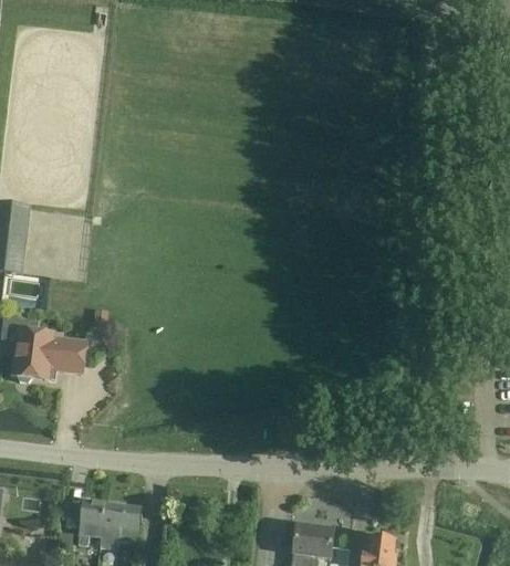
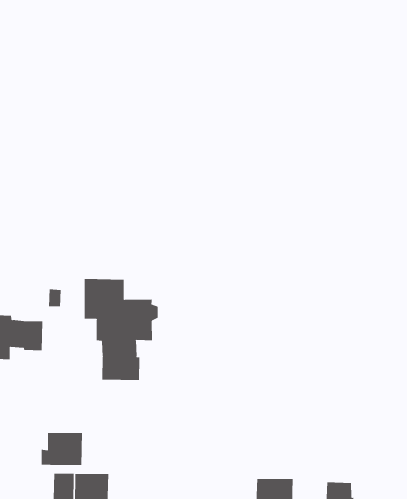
building: none -> [84,278,158,381]
building: none -> [41,432,83,466]

